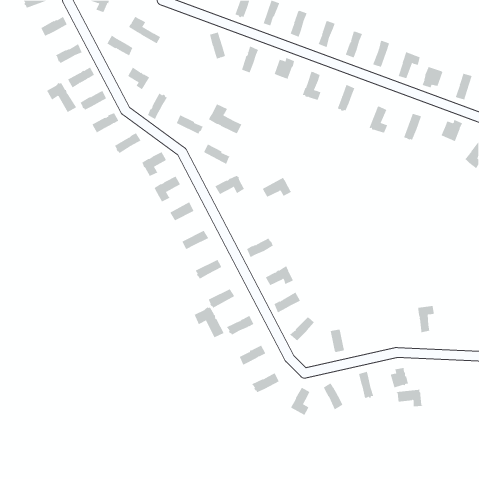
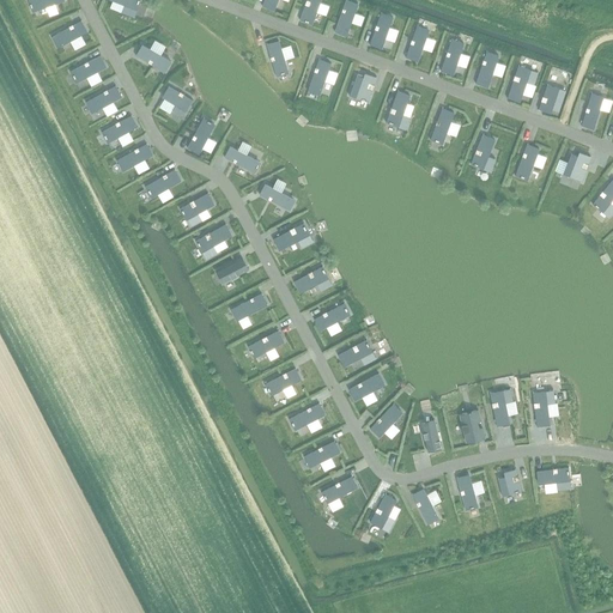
building: [127,16,161,45] -> none
building: [46,81,77,113] -> none
building: [207,103,242,135] -> none
building: [261,177,292,198] -> [293,266,333,292]
building: none -> [490,388,514,426]
building: [194,305,225,338] -> none
building: none -> [460,409,485,442]
building: [396,389,423,407] -> [536,467,571,490]

